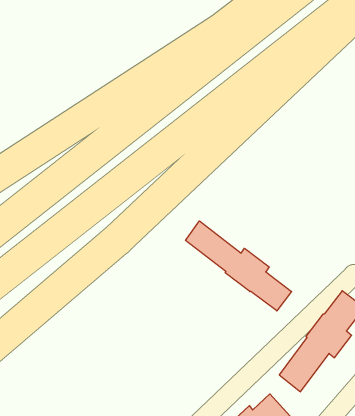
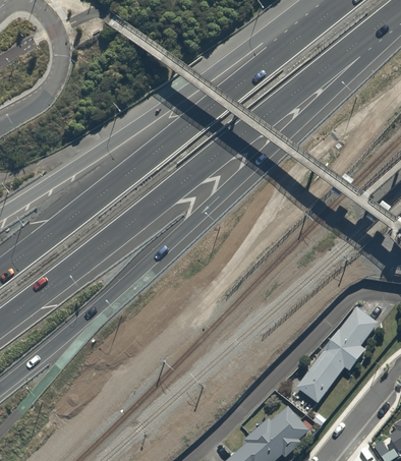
building: [186,221,292,311] -> none

